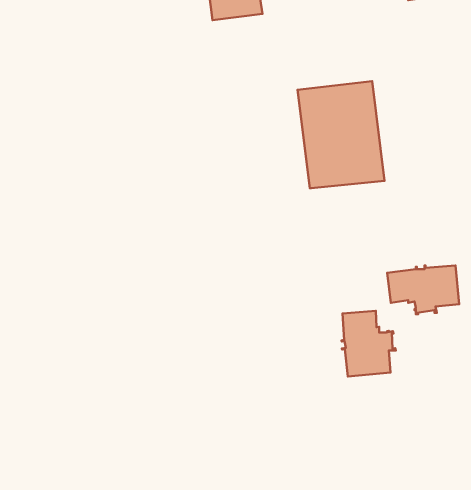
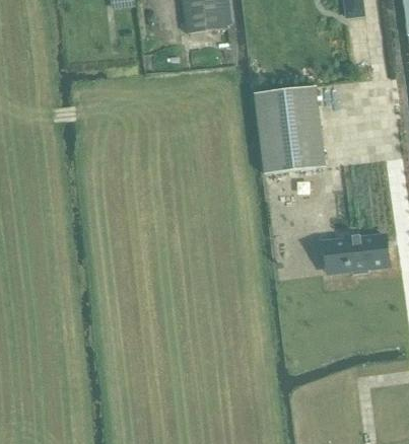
building: [341,311,396,377] -> none

